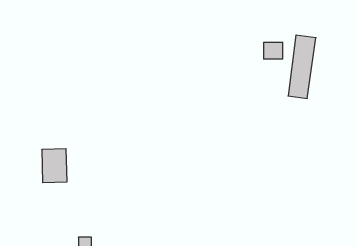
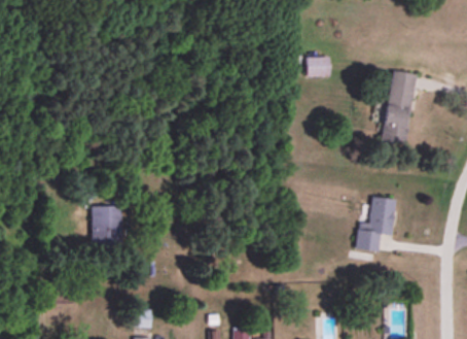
building: [264,42,283,59] -> [307,57,329,76]
building: none -> [356,197,395,251]

